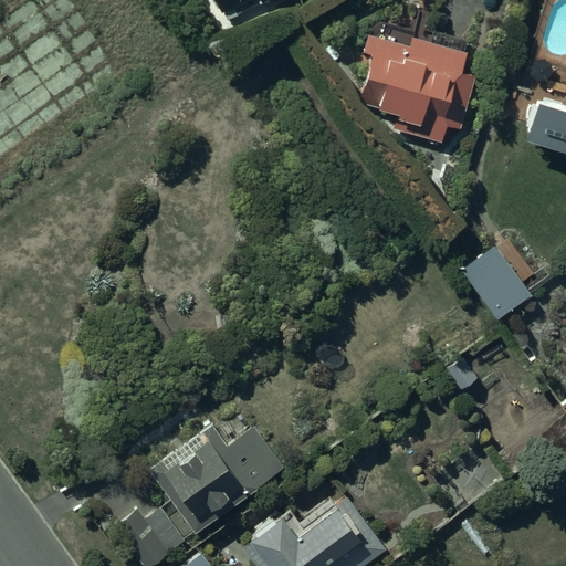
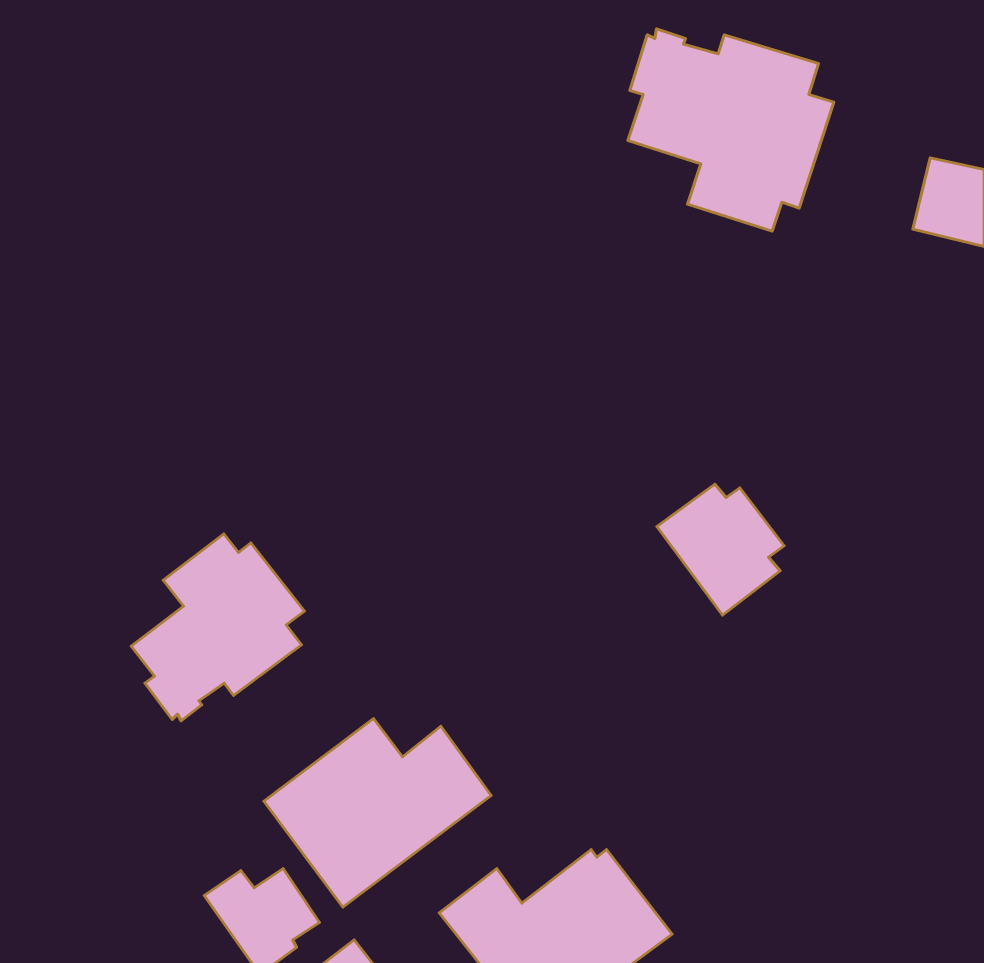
building: [460,244,533,319] -> [657,484,784,615]
building: none -> [131,534,304,721]

